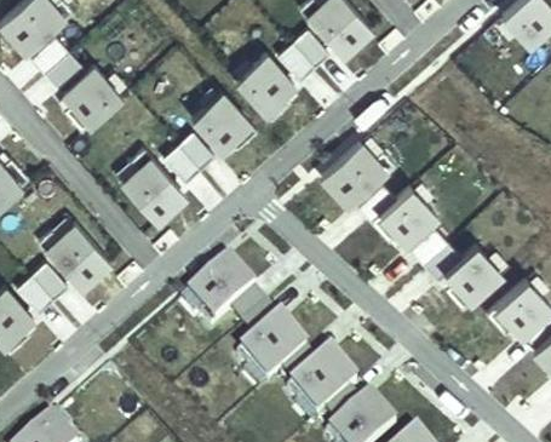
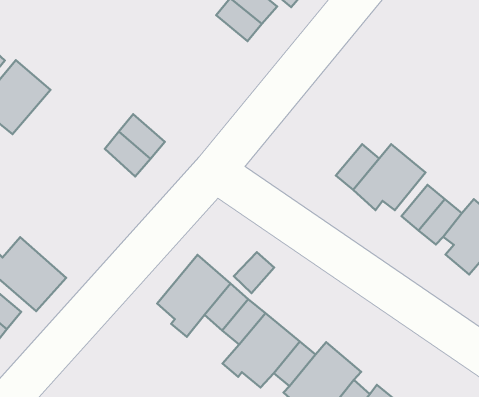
building: [235,56,293,122] -> none
building: [191,96,258,155] -> none
building: [322,143,394,209] -> none
building: [120,151,186,225] -> none

